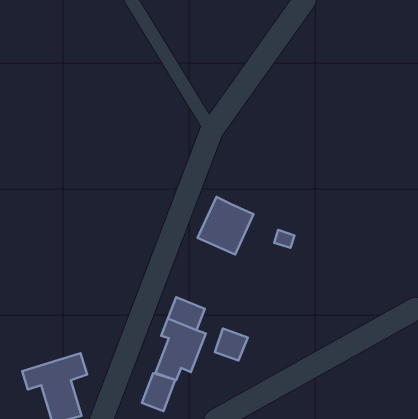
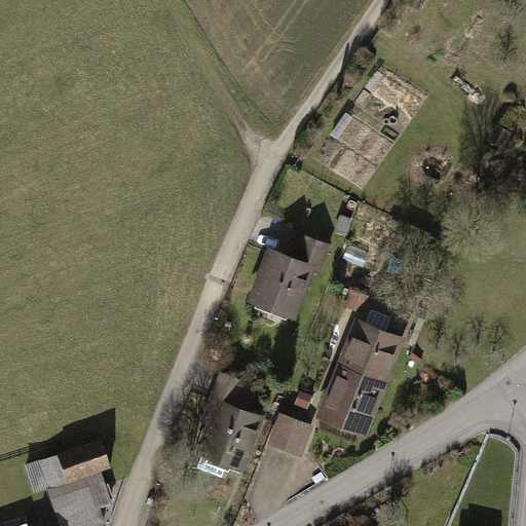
building: none -> [289,231,332,270]
building: none -> [316,320,401,435]
building: [142,373,175,411] -> none

